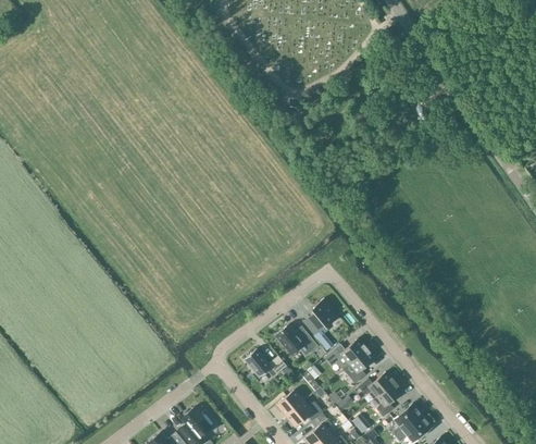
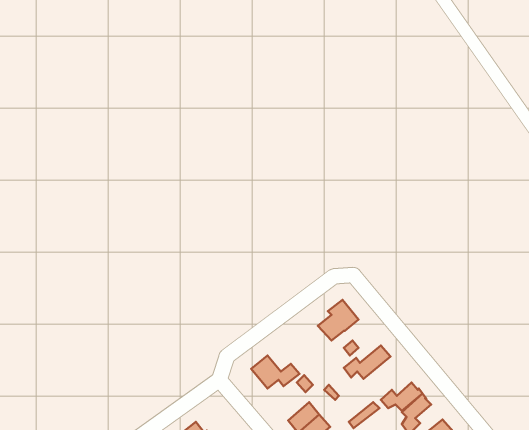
building: [276,324,319,356] -> none
building: [344,348,375,383] -> none

